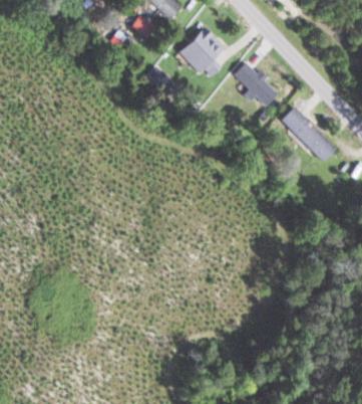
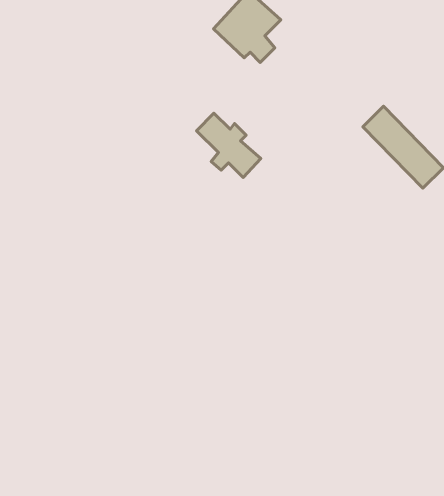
building: [234,61,278,106] -> [196,113,261,178]

